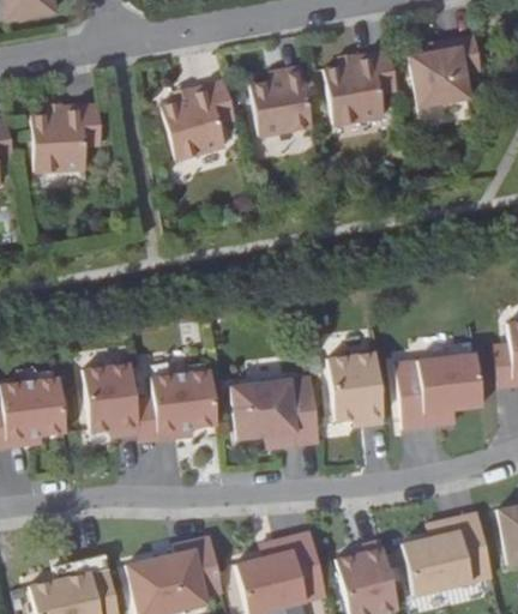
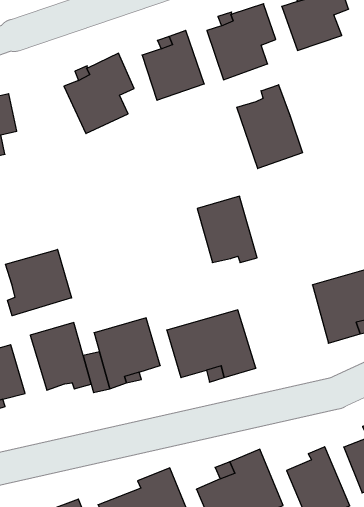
building: none -> [237,85,303,169]
building: none -> [5,249,72,316]
building: [327,351,384,423] -> [197,196,257,263]

